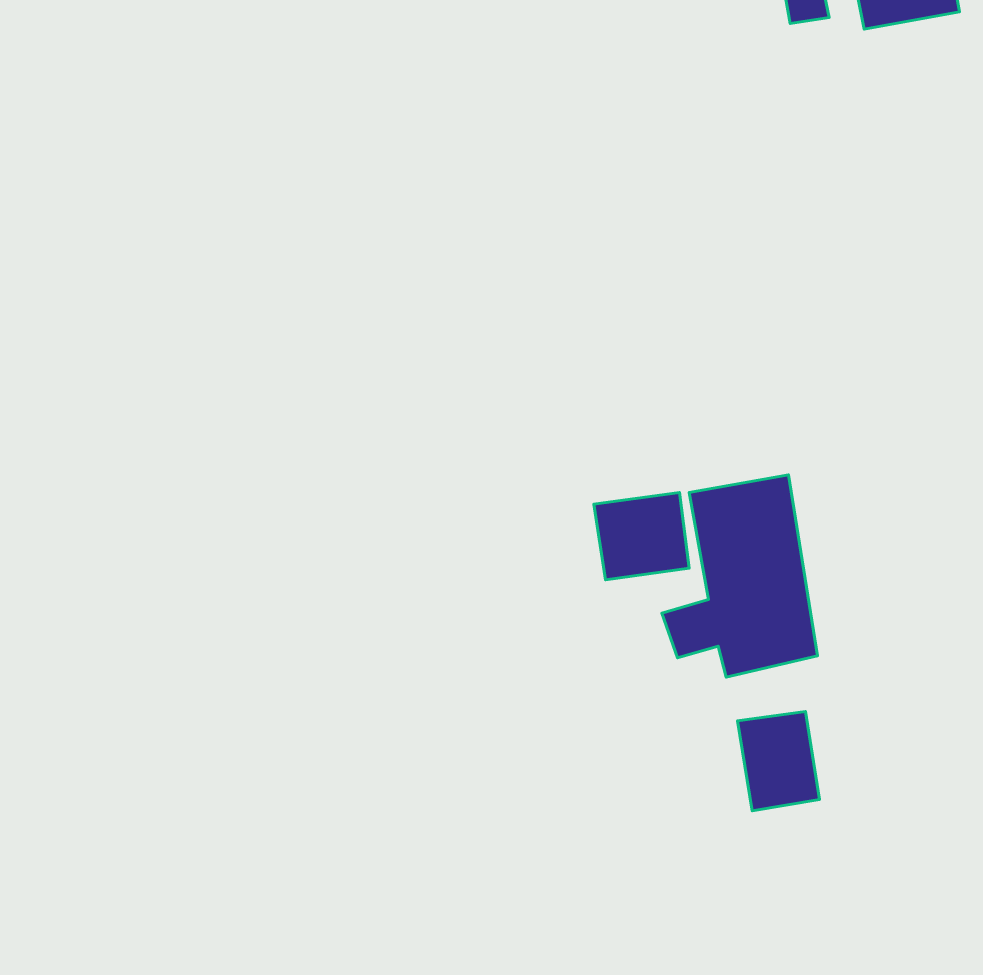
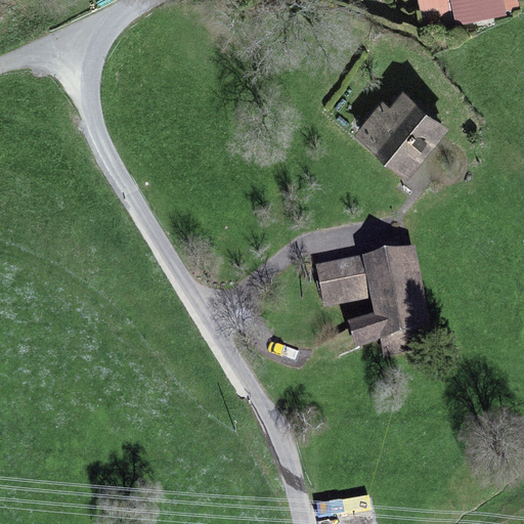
building: none -> [355,85,441,171]
building: [738,711,819,811] -> none

